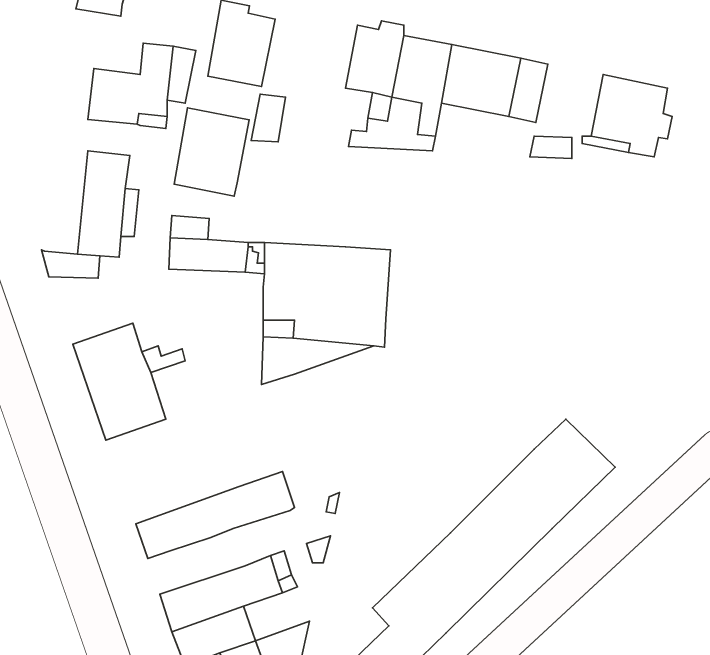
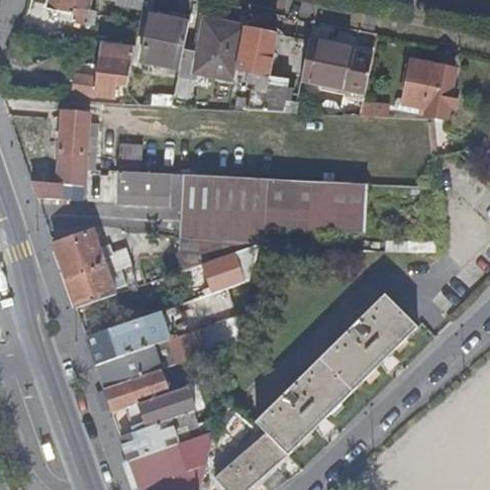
building: [174,108,249,196] -> [193,19,243,79]
building: none -> [263,179,363,231]
building: none -> [201,243,255,293]
building: none -> [84,312,164,364]
building: none -> [102,367,168,411]

